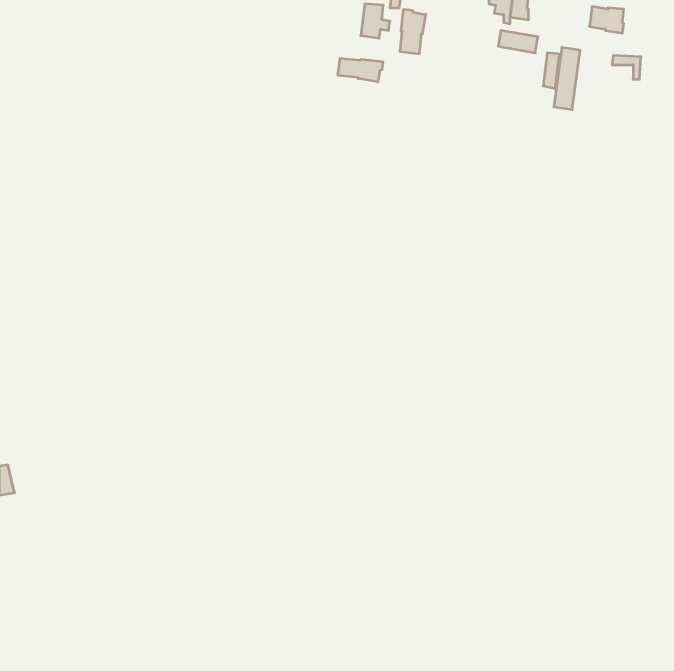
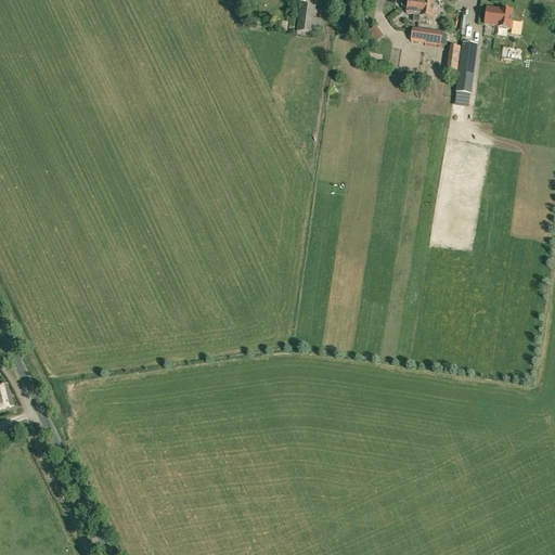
building: [400,9,426,54] -> none
building: [338,58,383,82] -> none

